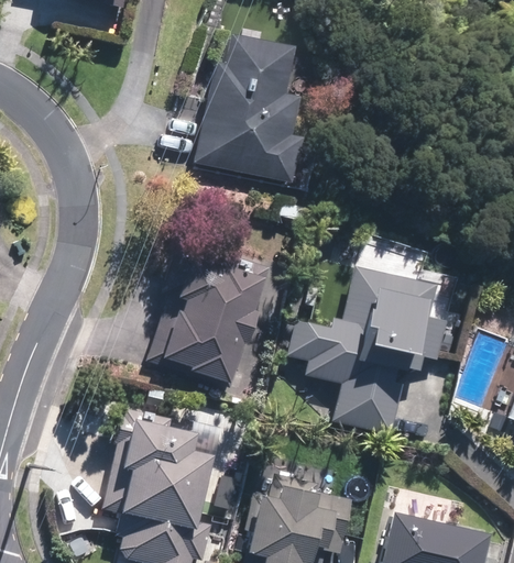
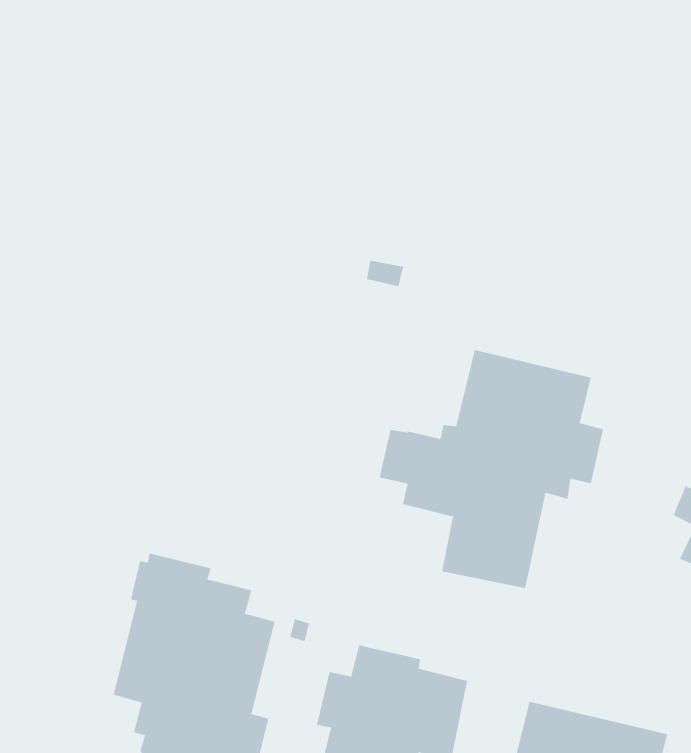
building: [194,36,300,183] -> none
building: [146,246,270,389] -> none

